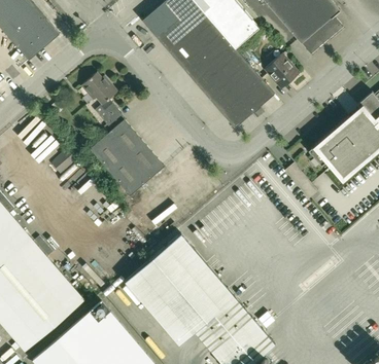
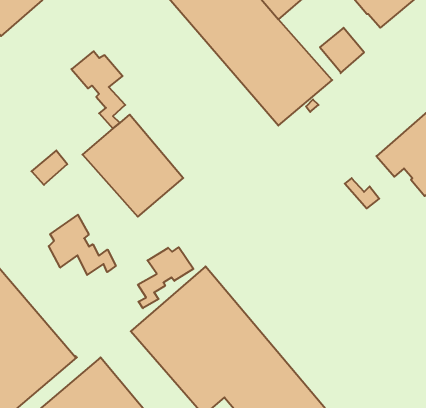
building: none -> [49,215,116,275]
building: none -> [138,247,193,308]

